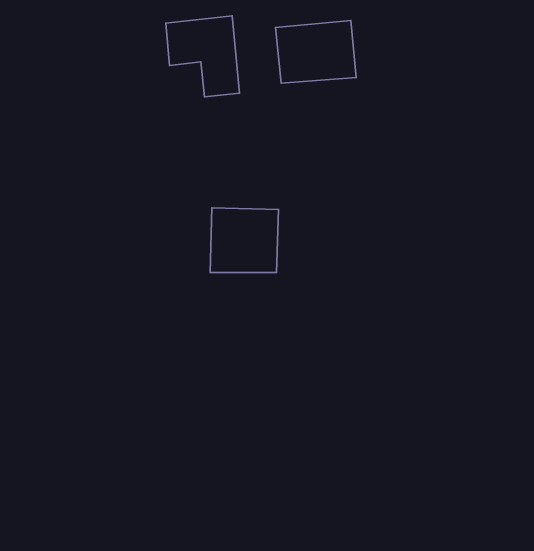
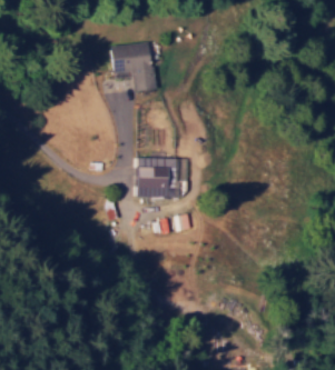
building: [276,20,356,83] -> none

